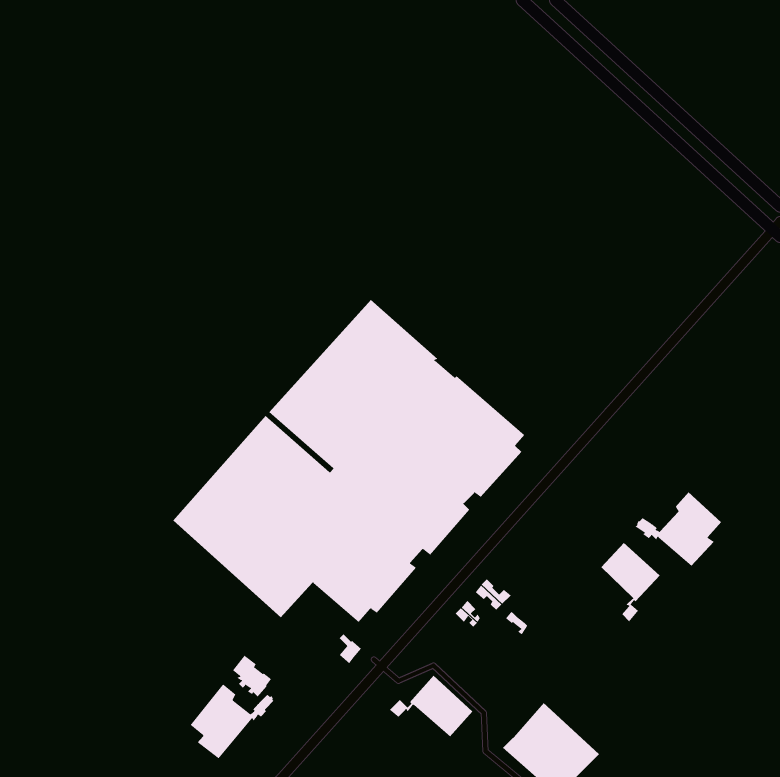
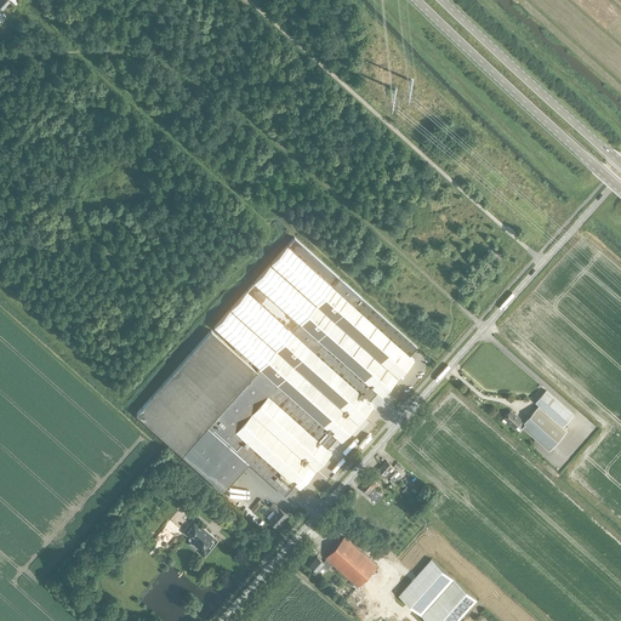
building: [600,542,661,622] -> none
building: [190,683,275,759] -> none

